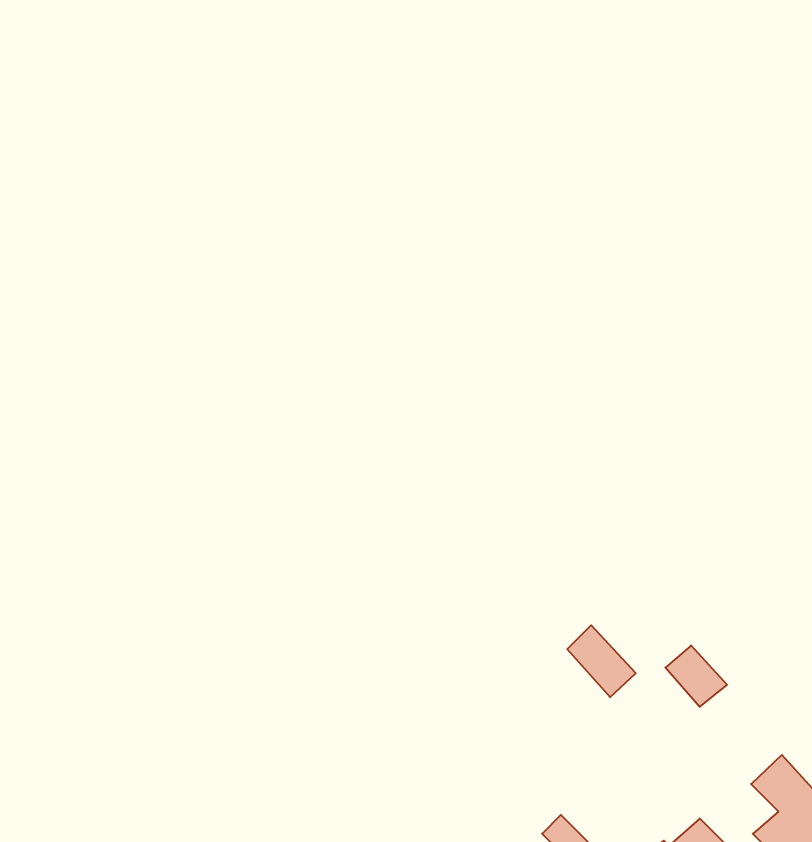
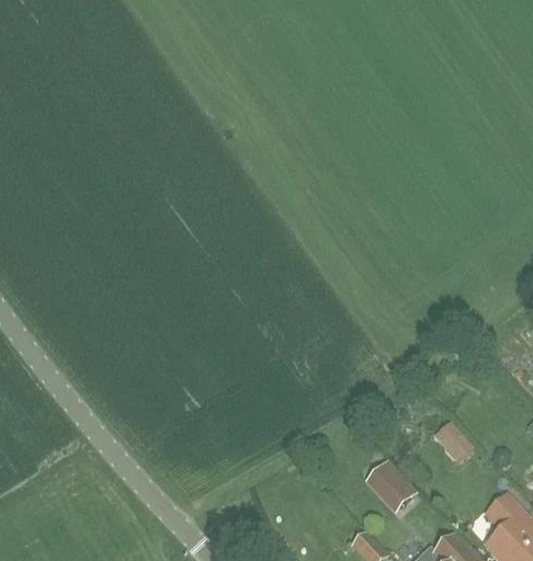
building: [567,625,636,697] -> [371,461,415,507]

